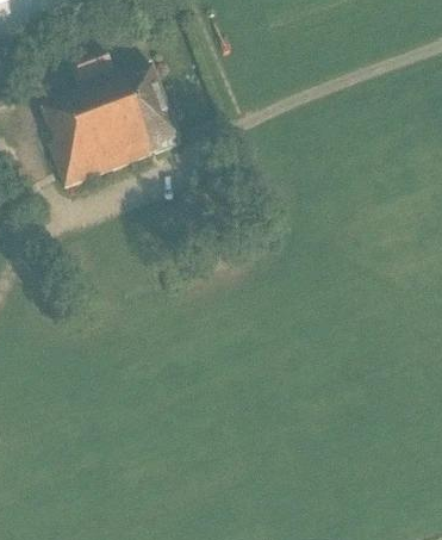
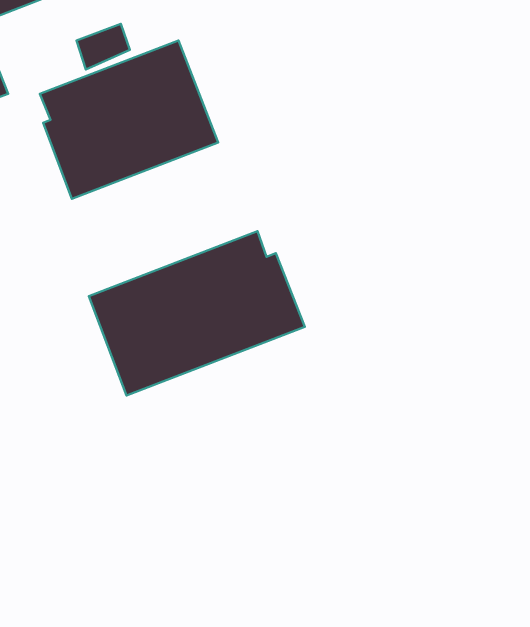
building: none -> [89,231,305,396]

